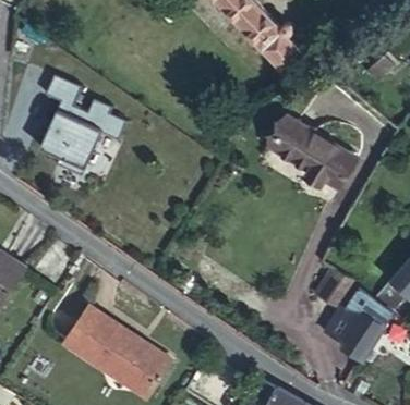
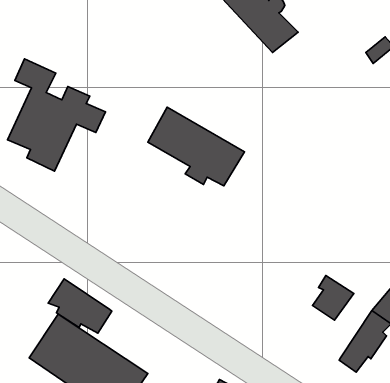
building: [272,118,359,188] -> [148,107,245,186]
building: none -> [48,279,112,333]
building: [323,291,371,345] -> none

